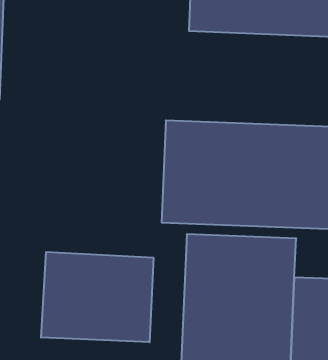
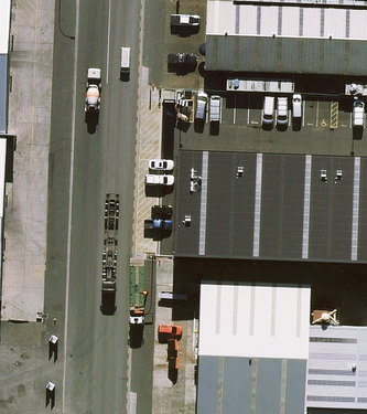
building: [41,252,153,342] -> none

